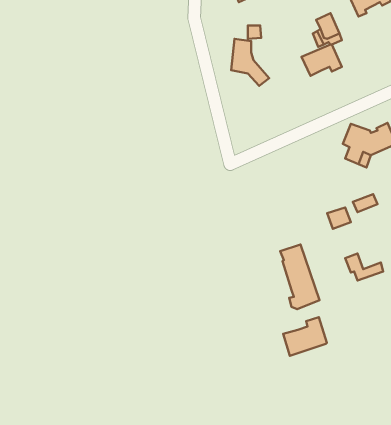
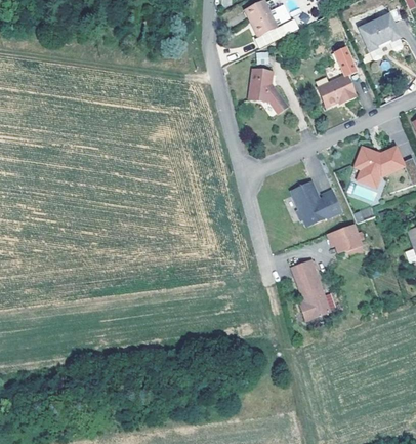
building: none -> [294,183,345,227]
building: [345,254,383,280] -> [327,230,362,254]
building: [283,317,327,356] -> none

